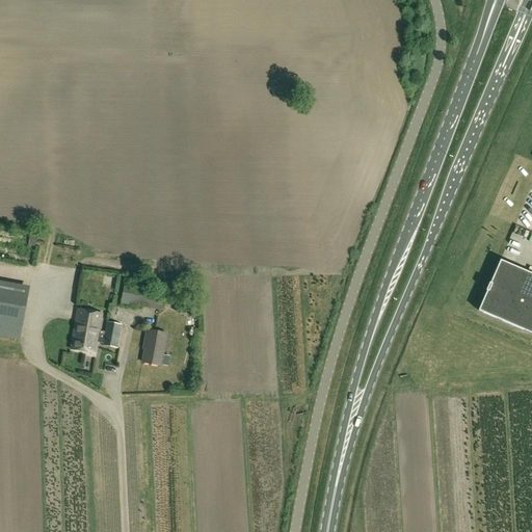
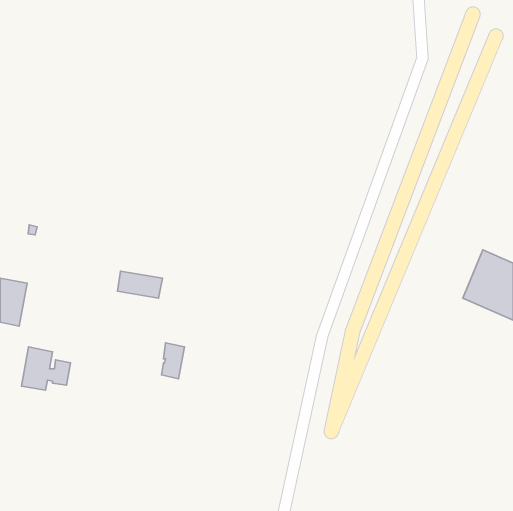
building: [71,307,122,351] -> [21,347,71,390]
building: [144,327,168,365] -> [162,343,185,379]

